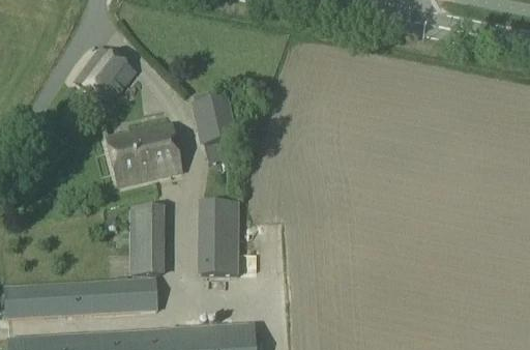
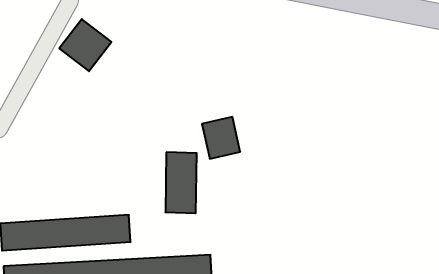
building: [192,99,237,149] -> [202,117,240,159]
building: [104,123,182,186] -> none
building: [128,206,163,274] -> none

